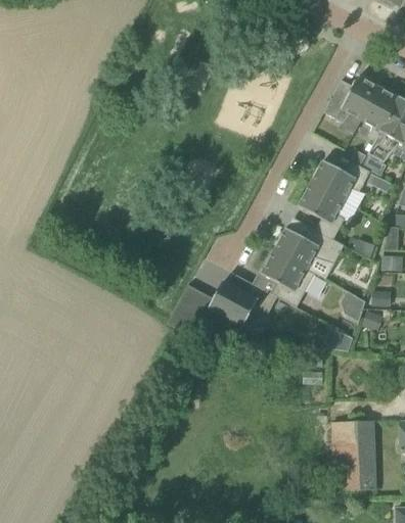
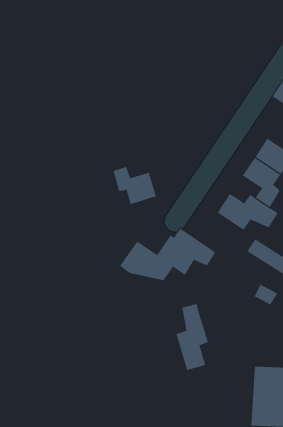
building: none -> [113,166,156,205]
building: [262,250,316,306] -> none
building: none -> [176,303,208,371]

